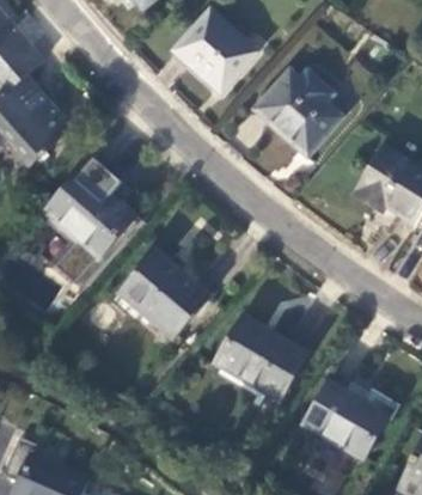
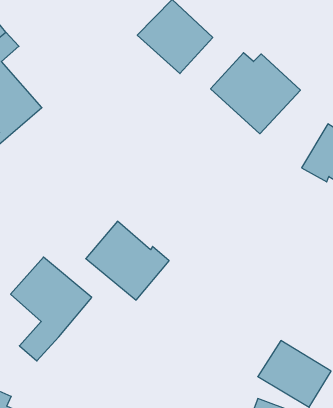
building: [45,171,134,285] -> [11,257,92,361]
building: [218,318,305,399] -> none

